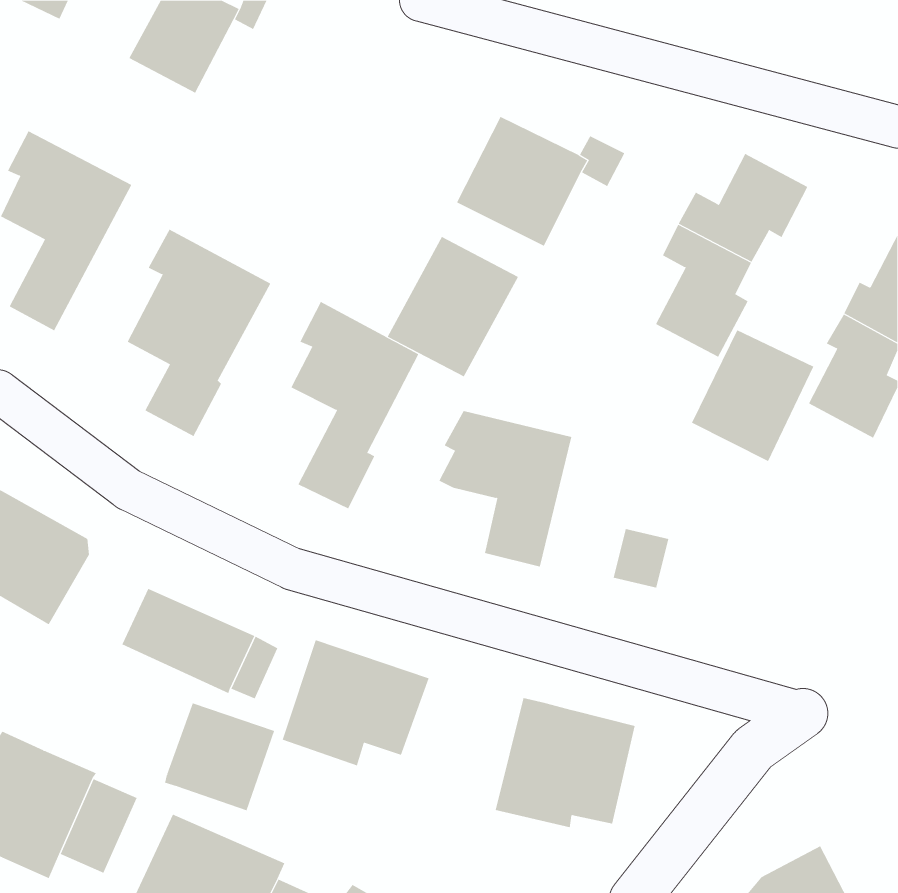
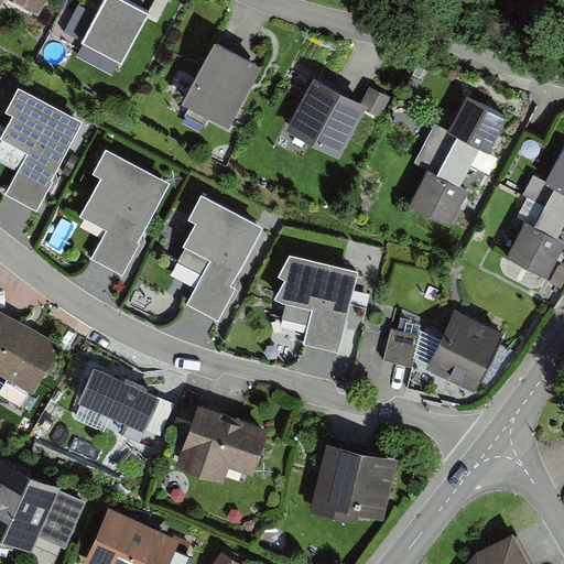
building: [387,236,519,377] -> [181,39,263,127]
building: [691,330,814,462] -> [425,316,502,399]
building: [164,703,275,811] -> none

